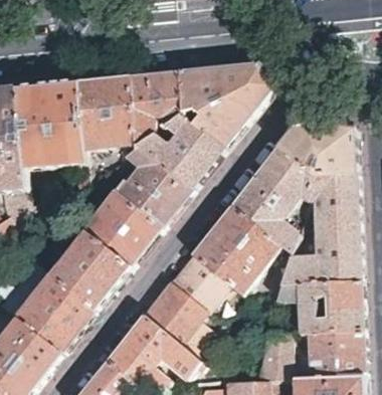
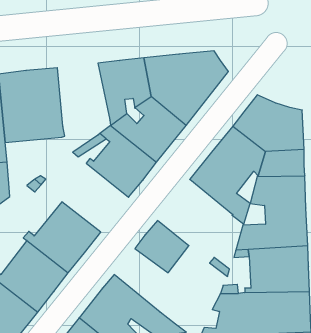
building: [82,74,141,145] -> none
building: [83,186,162,263] -> none
building: [194,204,278,289] -> none
building: [146,281,212,353] -> none

